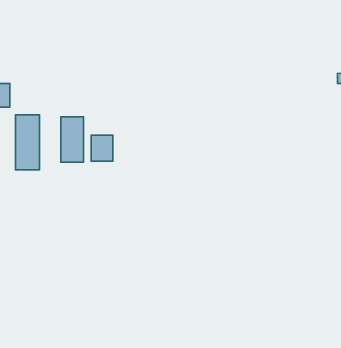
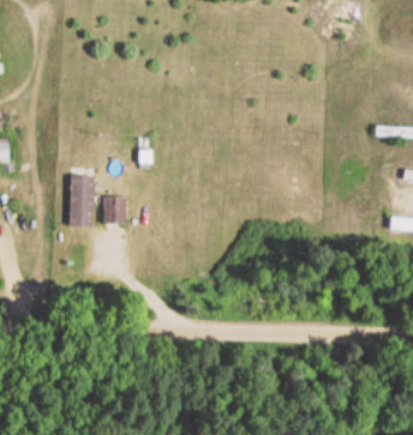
building: [15,115,40,170] -> none

